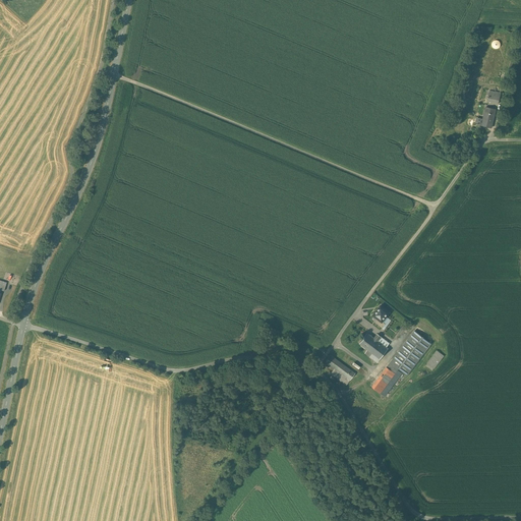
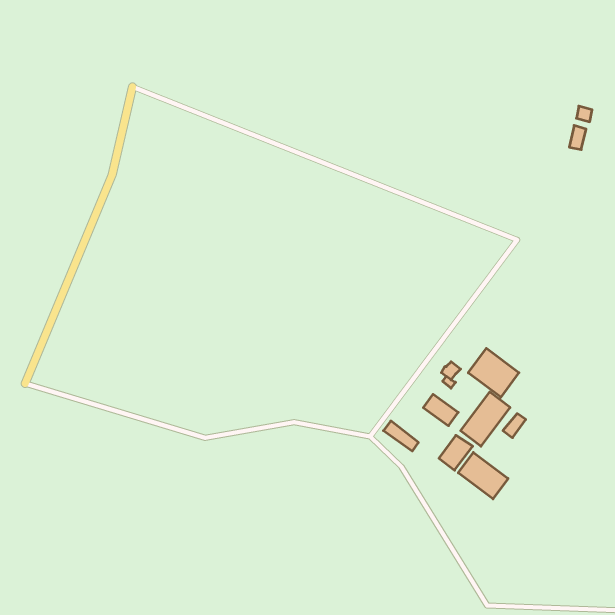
building: none -> [468,348,519,397]
building: none -> [458,452,508,499]

